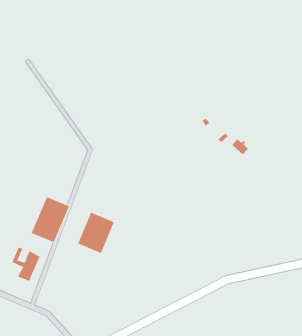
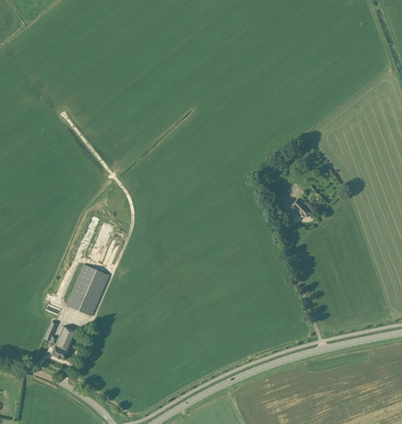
building: [77,212,115,254] -> none

